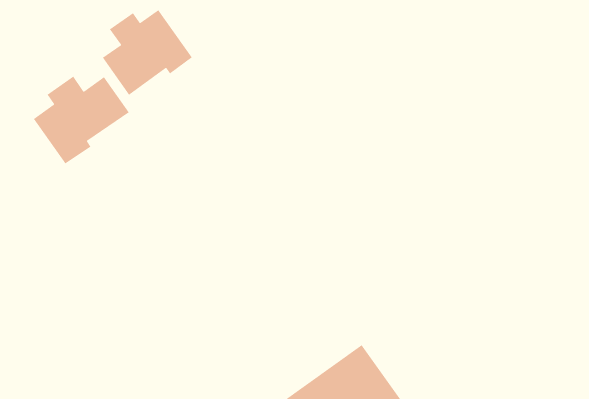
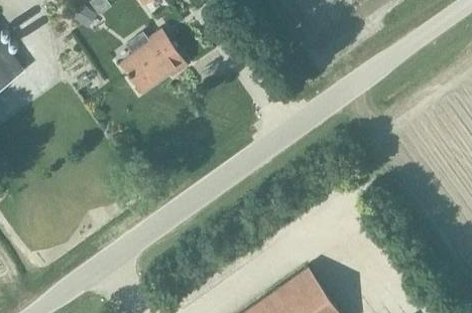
building: [33,76,130,165] -> none

